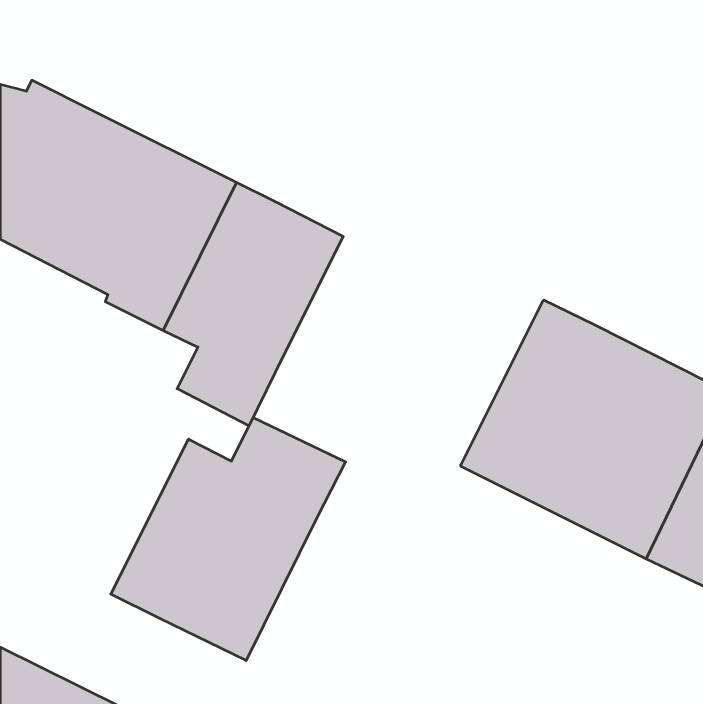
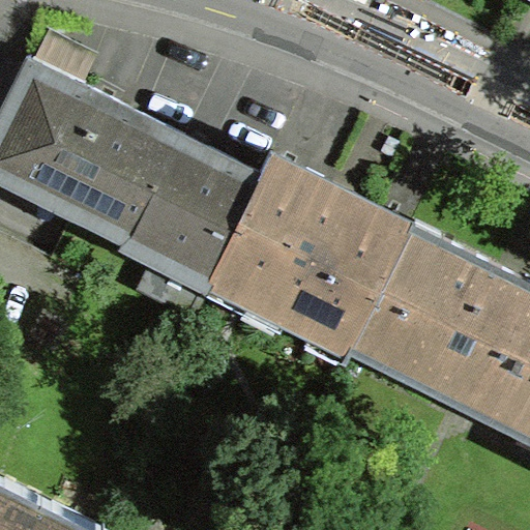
building: none -> [209,158,409,350]
building: [111,417,346,661] -> none

